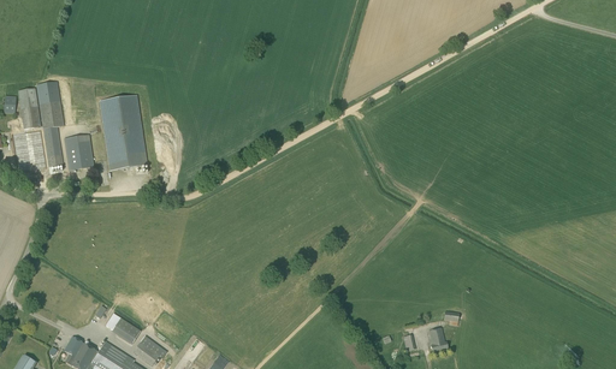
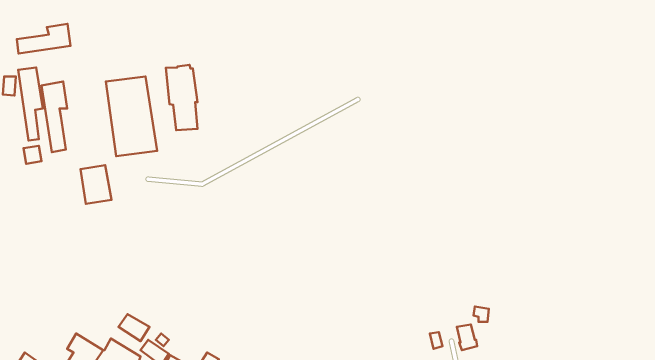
building: none -> [17,24,70,53]
building: none -> [166,65,198,130]
building: [65,133,94,169] -> [81,165,111,204]

